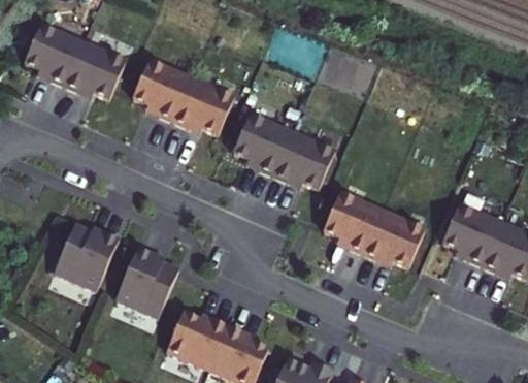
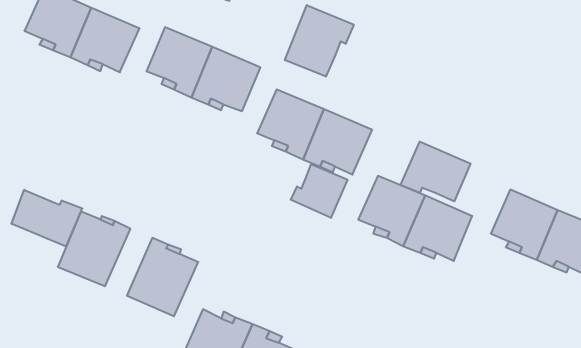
building: none -> [285,5,354,77]
building: none -> [401,142,470,201]
building: none -> [291,164,347,218]
building: none -> [12,190,82,247]

